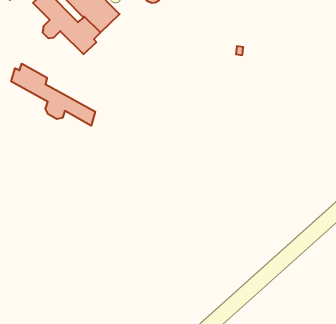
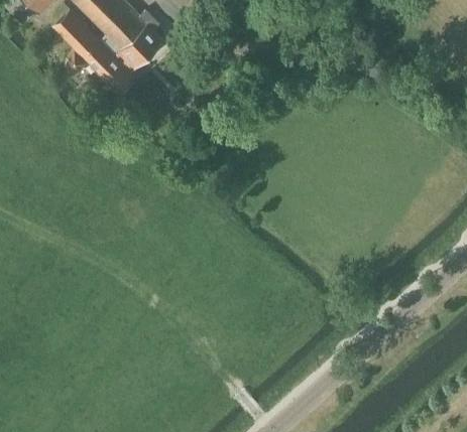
building: [11,64,95,126] -> none

